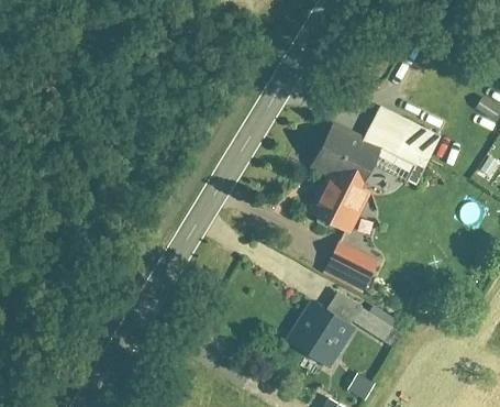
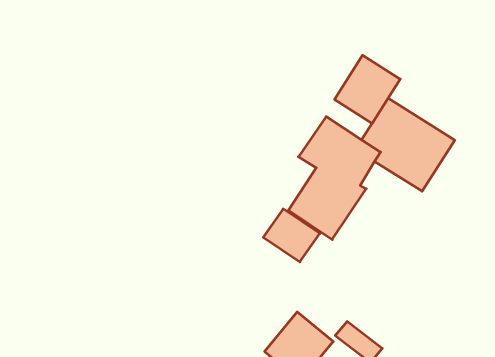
building: none -> [335,55,400,123]
building: [326,243,375,287] -> [263,209,320,262]

